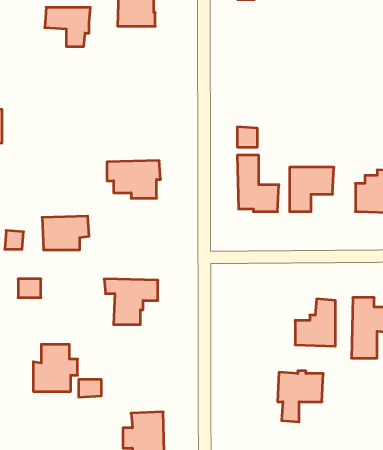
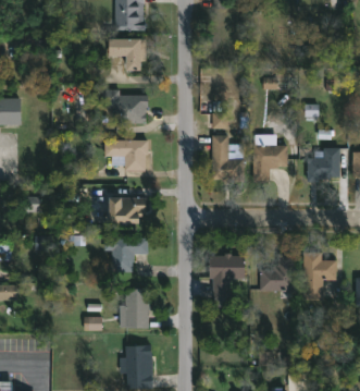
building: [45,7,90,46] -> [110,40,147,72]
building: none -> [101,89,147,123]
building: [42,216,89,250] -> [108,197,146,224]
building: [33,344,78,391] -> [119,289,154,327]
building: [278,371,323,422] -> [206,254,243,295]

